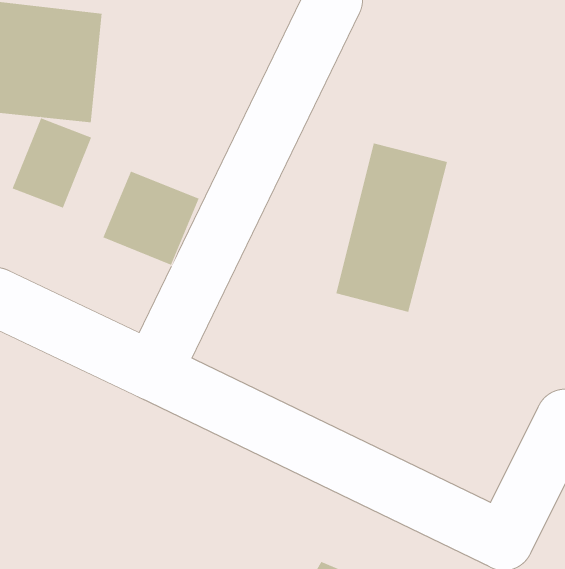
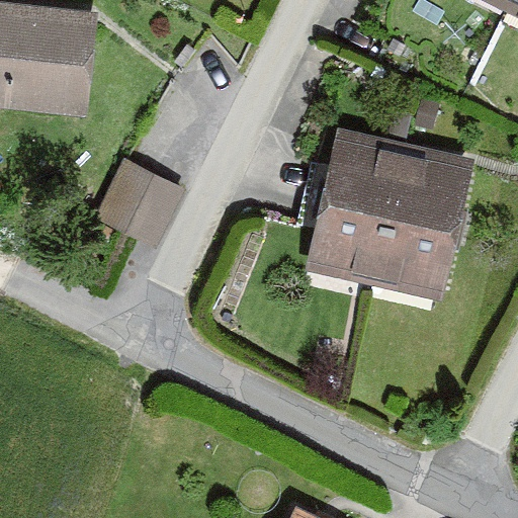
building: [12,117,92,209] -> none
building: none -> [371,148,477,303]

